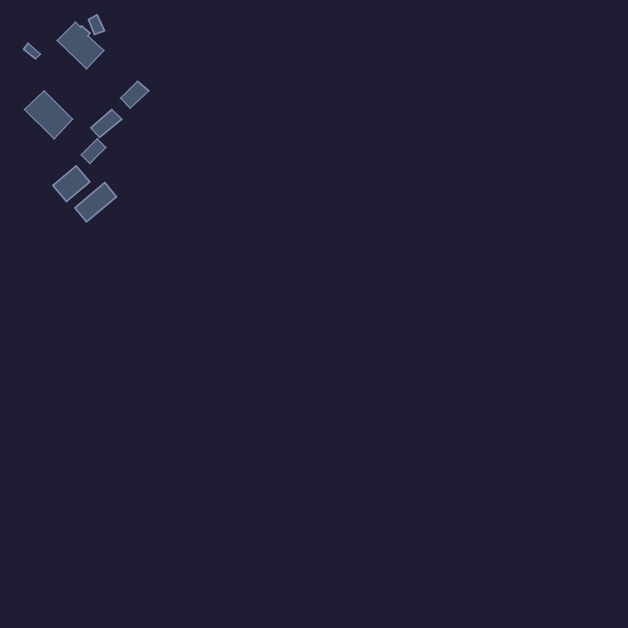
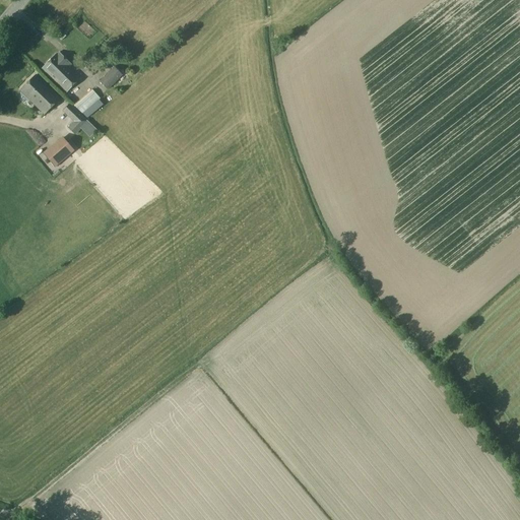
building: [57,22,104,69] -> [42,54,80,92]
building: [75,183,117,222] -> none

